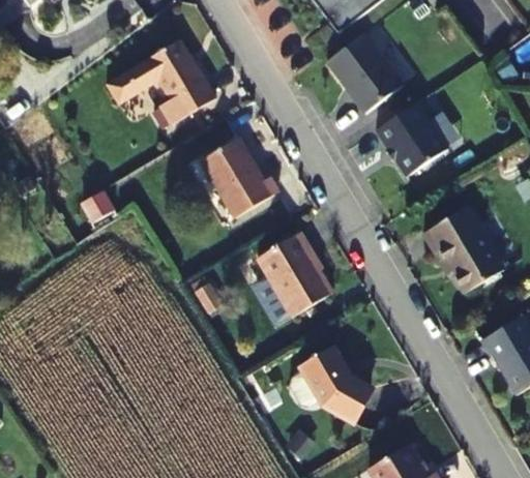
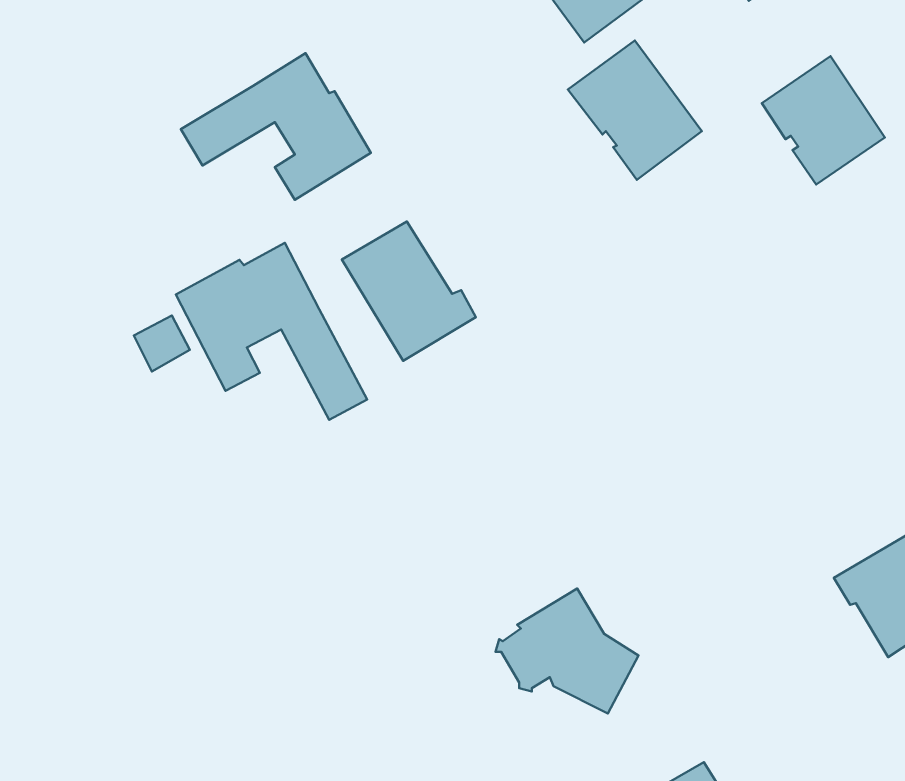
building: [378,103,448,177] -> [762,56,885,184]
building: none -> [176,243,367,420]
building: [422,208,504,294] -> none
building: [258,231,332,315] -> none

